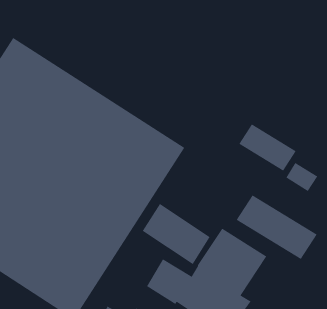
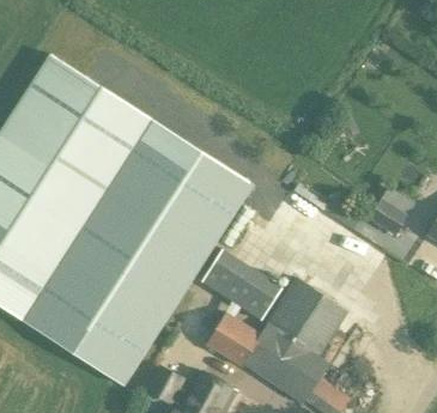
building: [239,124,297,171] -> none
building: [236,195,317,260] -> none

